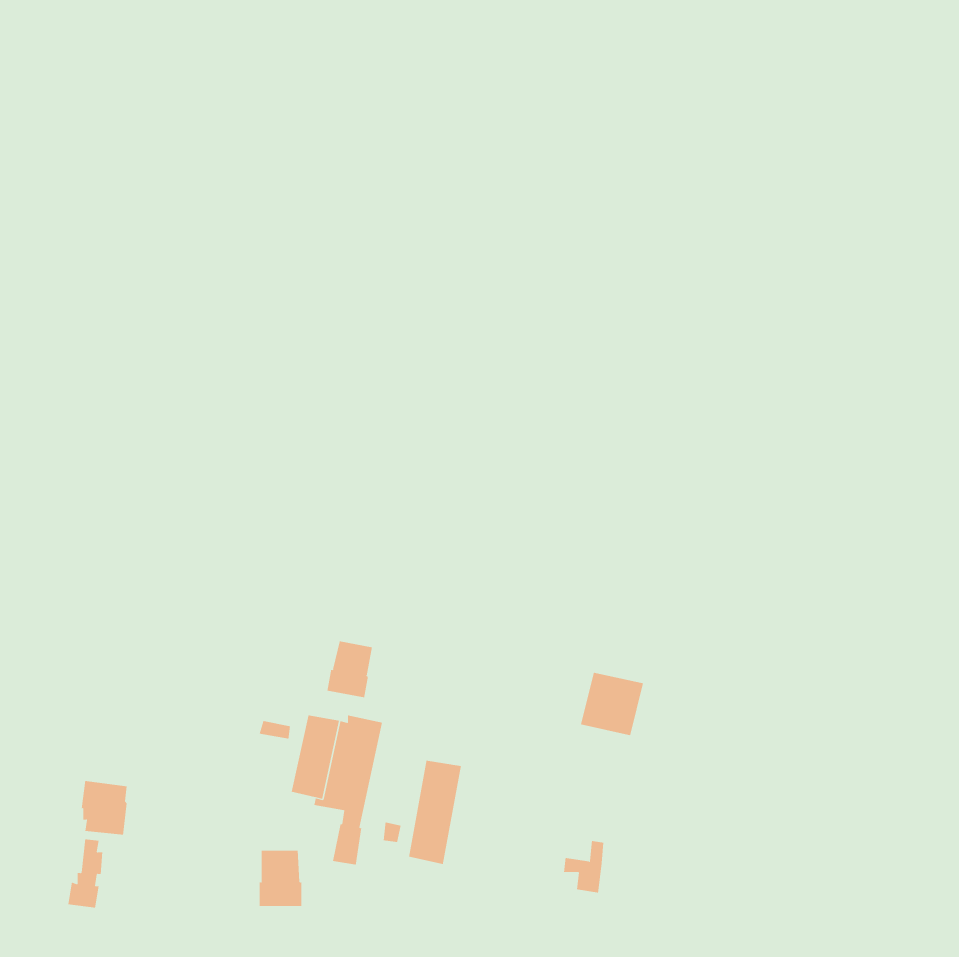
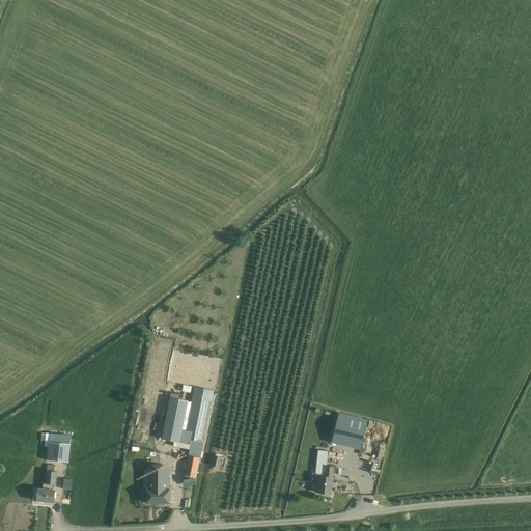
building: [327,641,372,698] -> none
building: [580,672,644,736] -> [332,413,367,448]
building: [409,760,461,865] -> none

